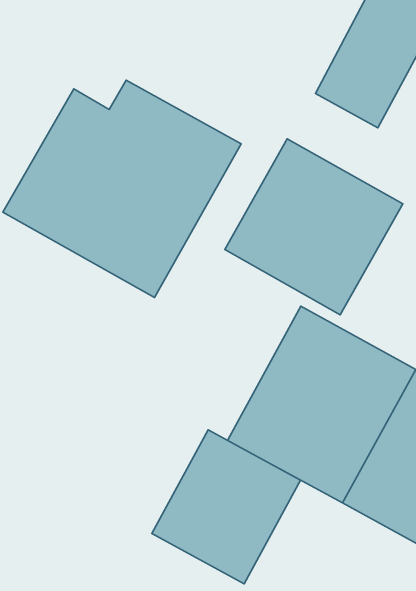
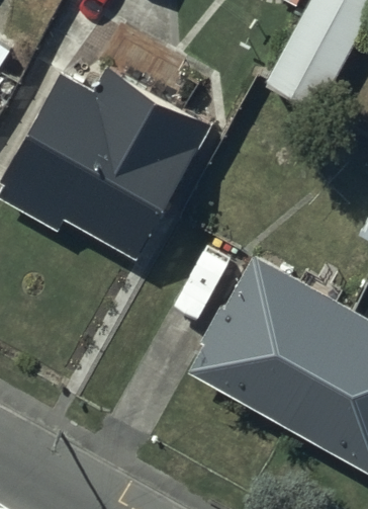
building: [225,139,403,315] -> none
building: [152,430,301,584] -> none

